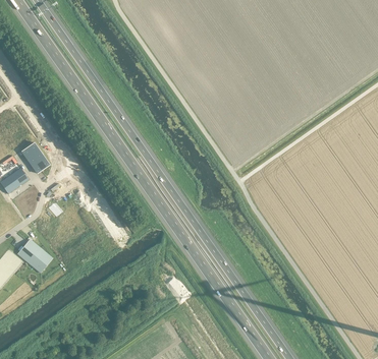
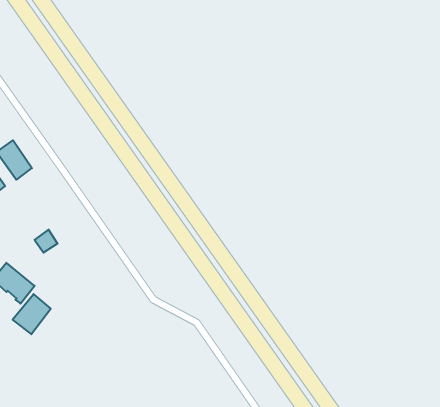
building: none -> [13,294,51,334]

